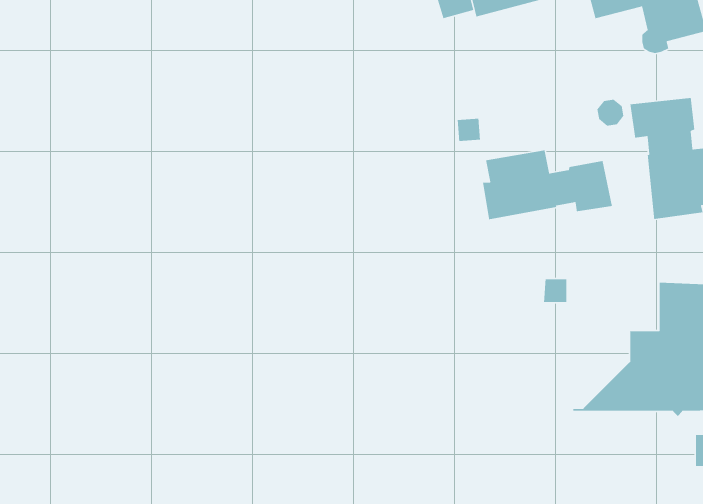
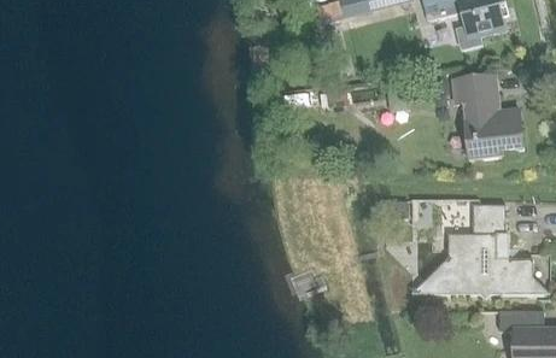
building: [482,149,613,220] -> none

